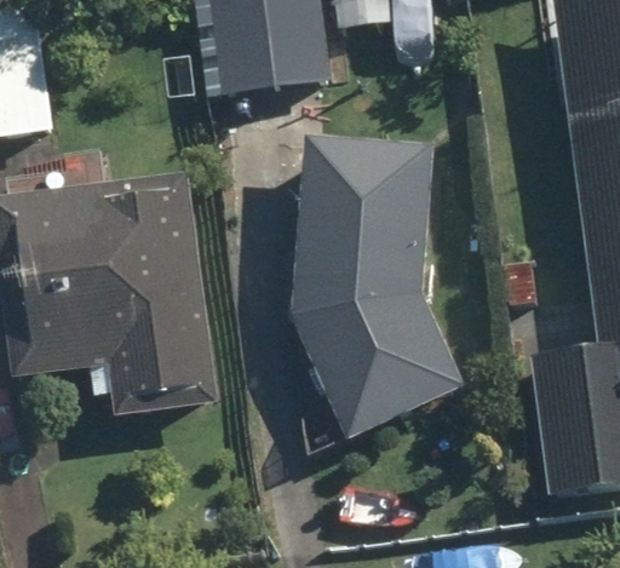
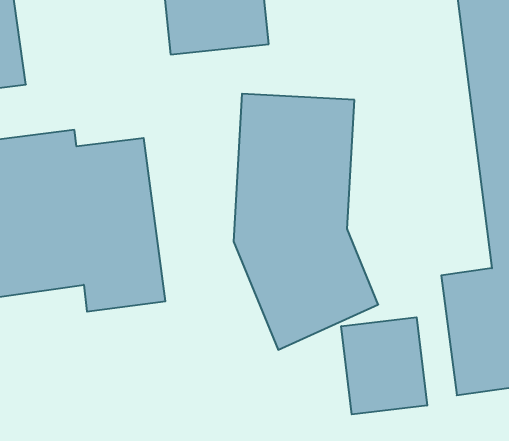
building: none -> [341,317,427,414]

